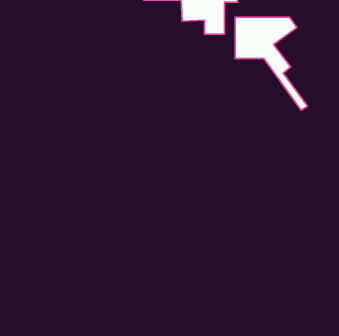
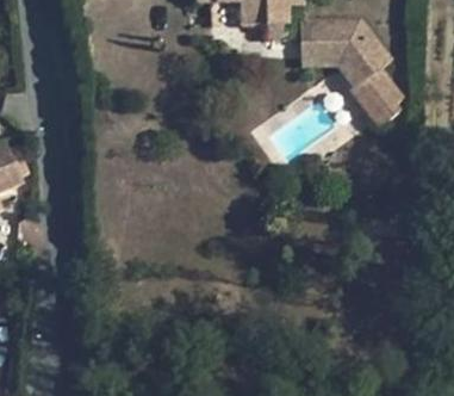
building: none -> [343,32,403,120]

